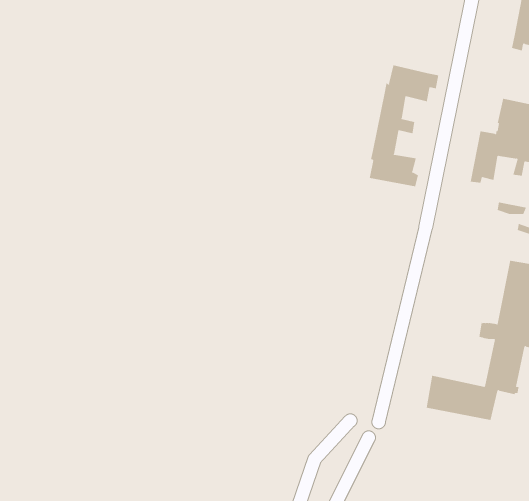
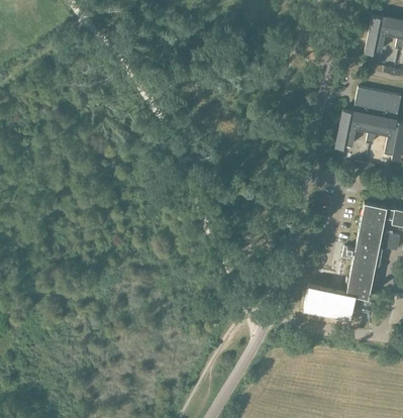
building: [369,64,439,187] -> none

